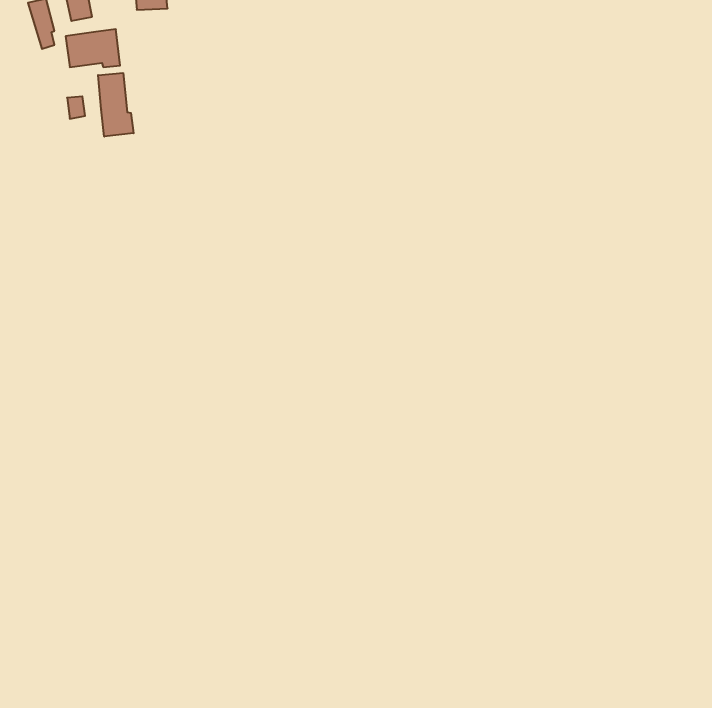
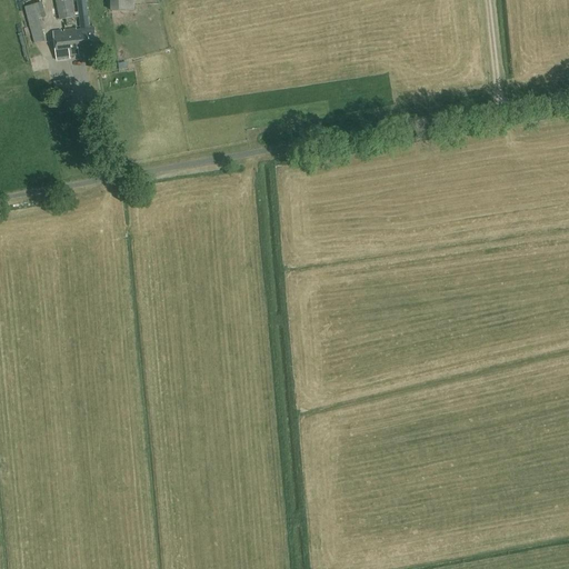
building: [98,73,134,137] -> none

